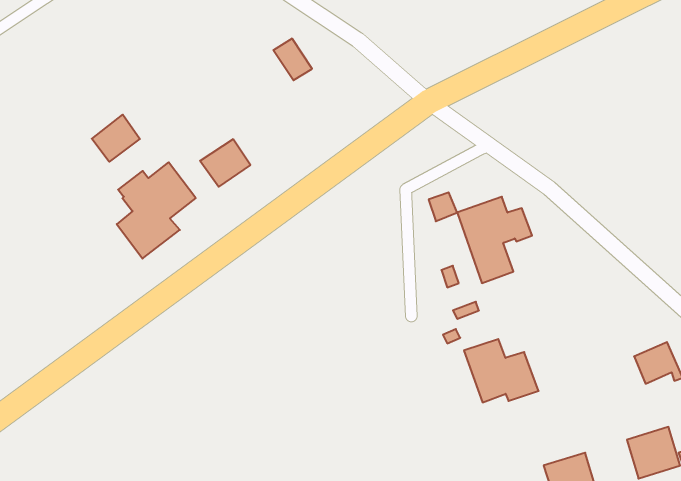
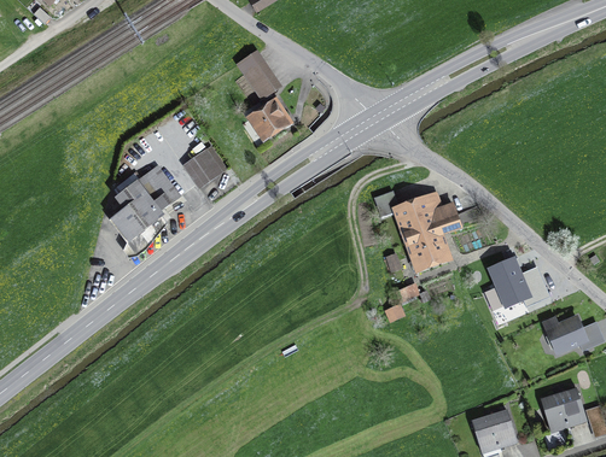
building: none -> [251,100,289,136]
building: [92,115,140,162] -> none
building: [464,339,539,402] -> [488,253,550,306]

